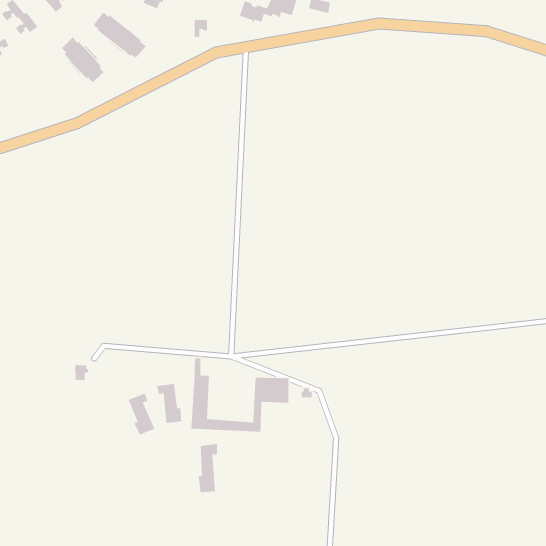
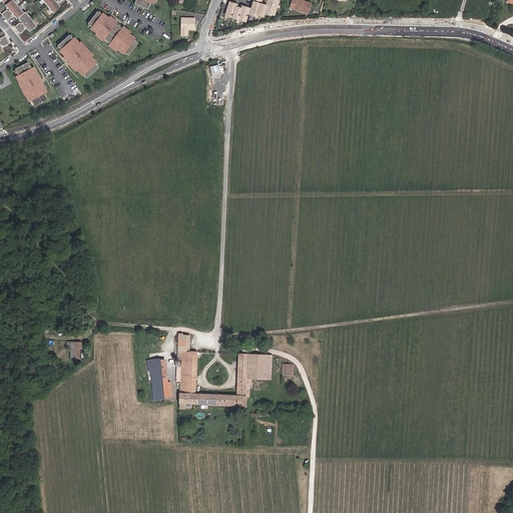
building: none -> [14,62,46,106]
building: [128,393,155,435] -> none
building: [198,443,218,493] -> none

